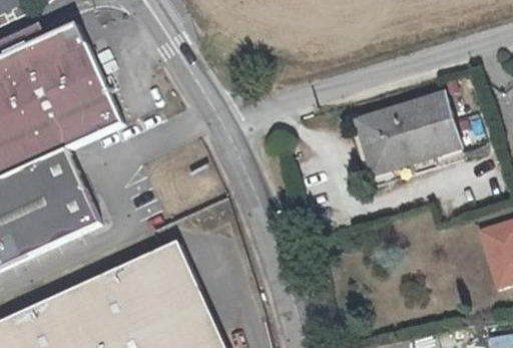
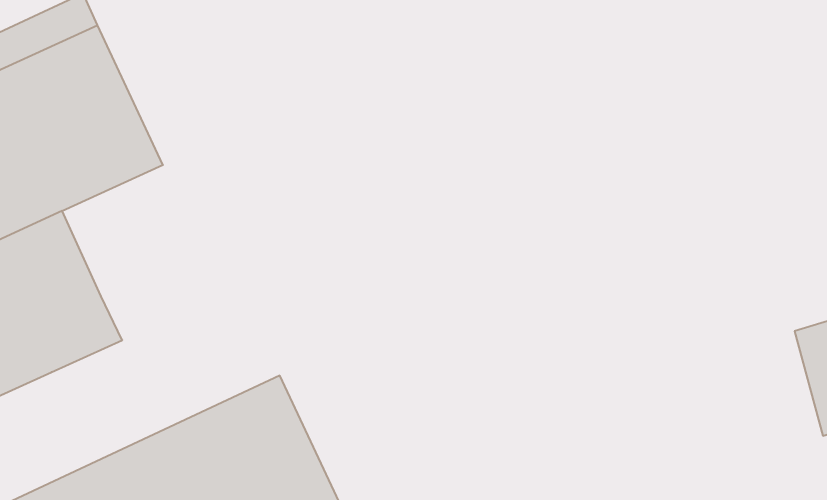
building: [362,93,462,169] -> none

